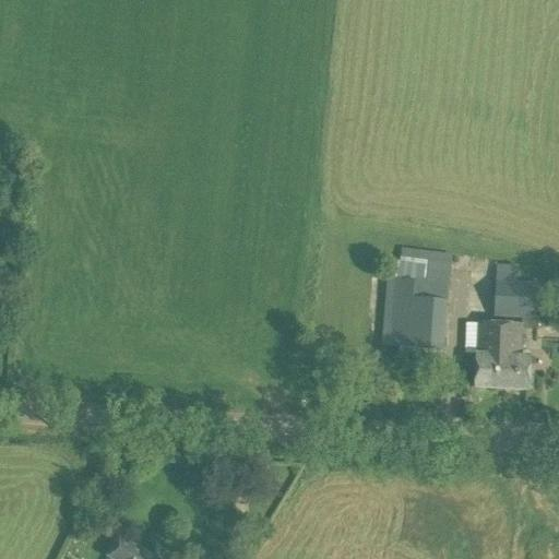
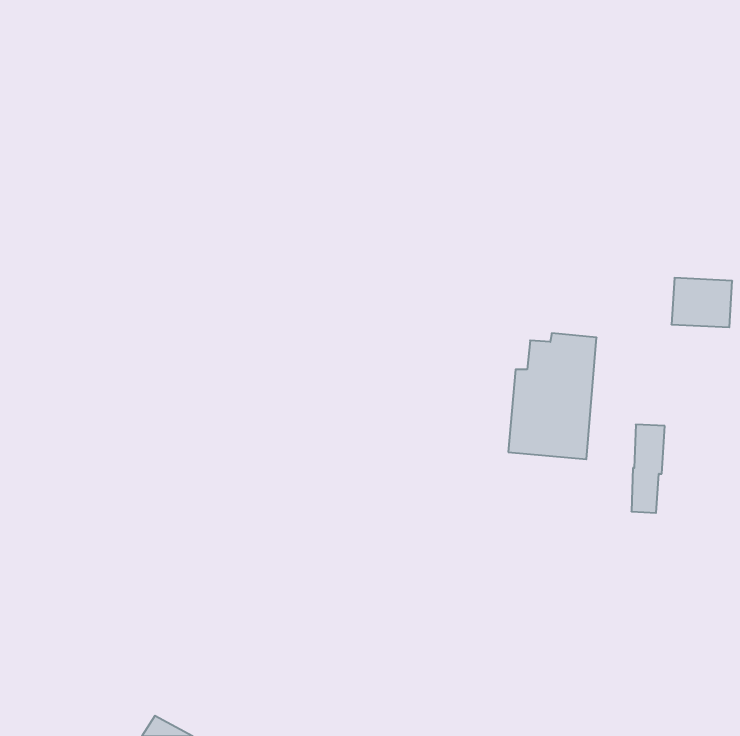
building: [495,278,540,316] -> [671,278,732,327]
building: [495,321,530,388] -> none

